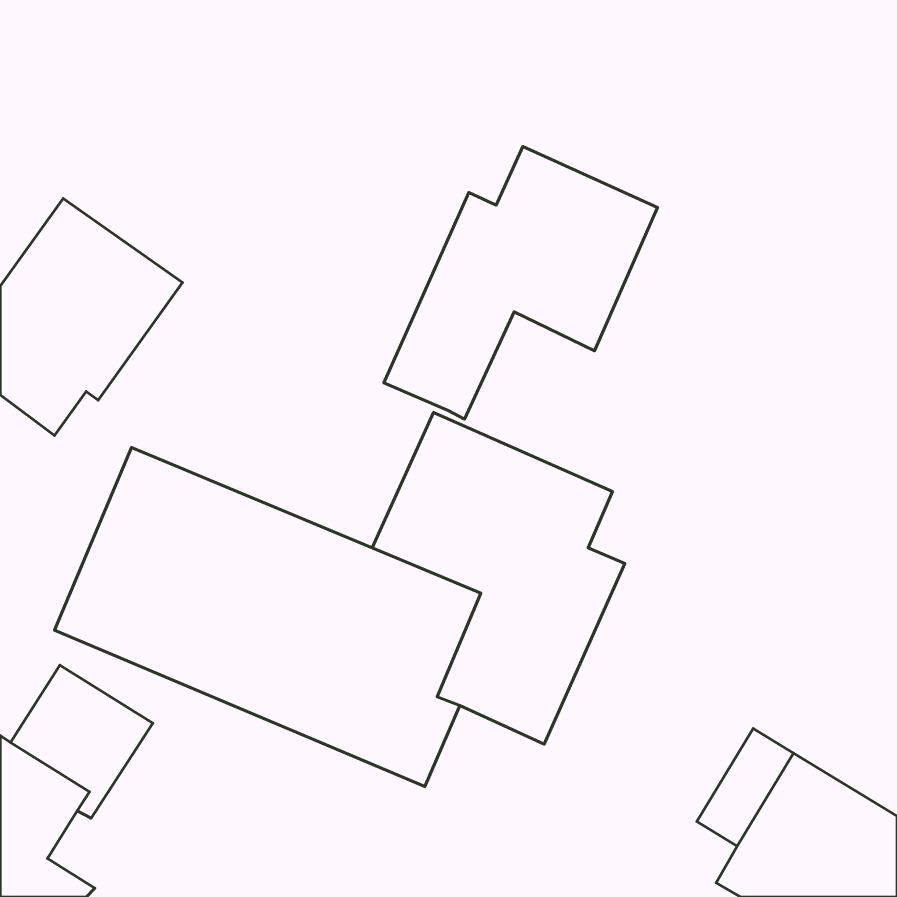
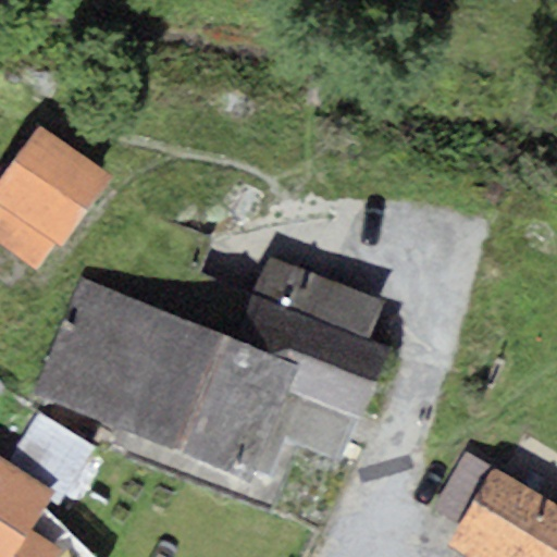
building: [384,146,658,419] -> none

